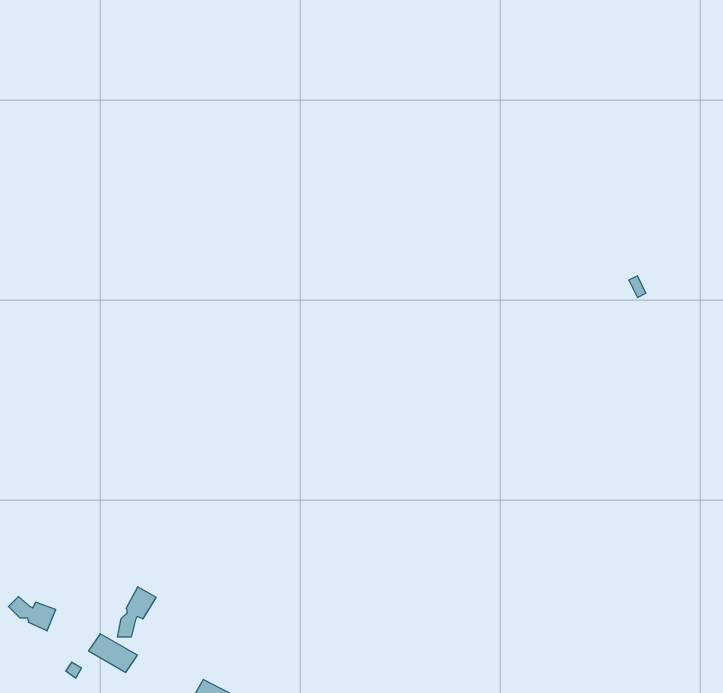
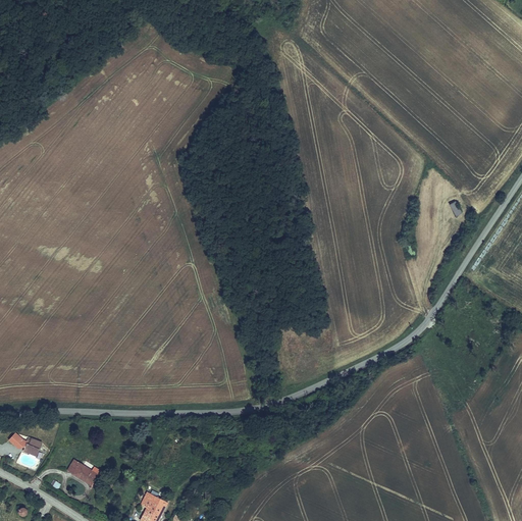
building: [117,587,156,637] -> none

